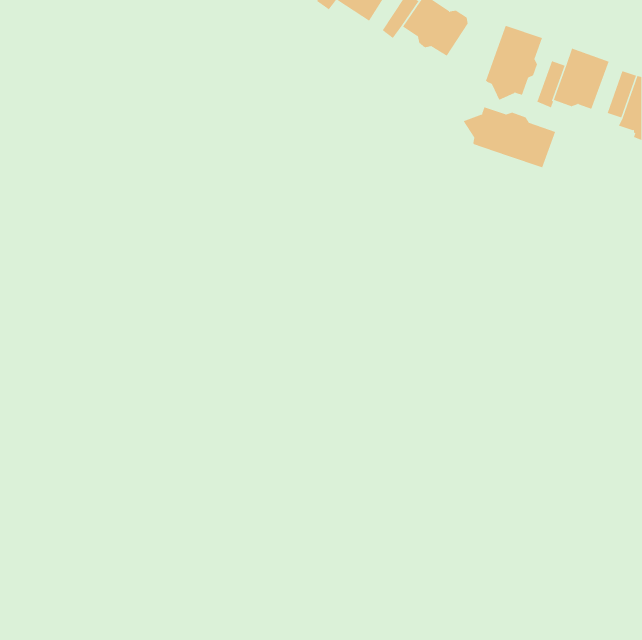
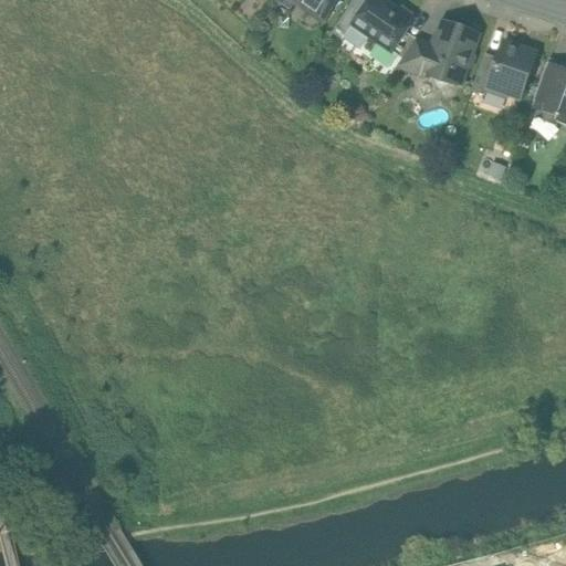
building: none -> [398,40,436,76]
building: [463,107,556,168] -> none

